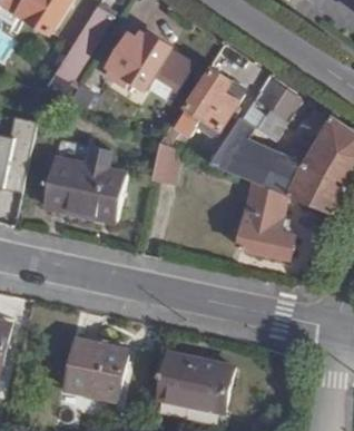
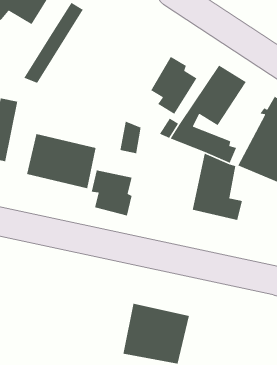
building: [102,35,191,102] -> none
building: none -> [91,170,133,217]
building: [65,340,127,401] -> none

